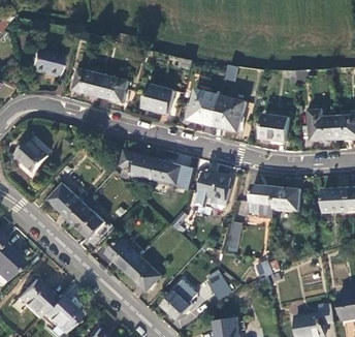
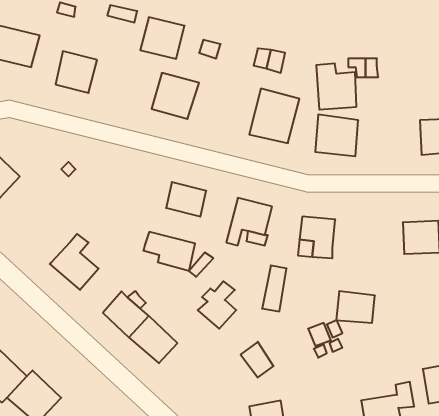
building: [100,71,132,101] -> [140,17,185,59]
building: [190,86,224,125] -> none
building: [311,109,340,142] -> [316,64,356,110]
building: [123,151,160,179] -> [143,232,195,271]
building: [52,184,87,217] -> none
building: [276,186,303,209] -> [336,291,375,323]
building: [165,284,193,318] -> [198,281,236,329]

